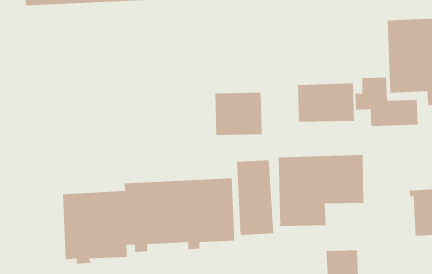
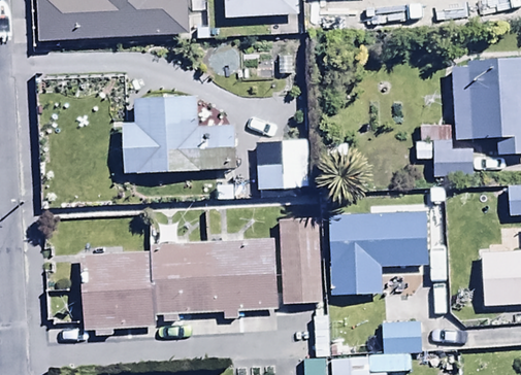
building: none -> [122,95,237,173]
building: [297,83,355,122] -> none

